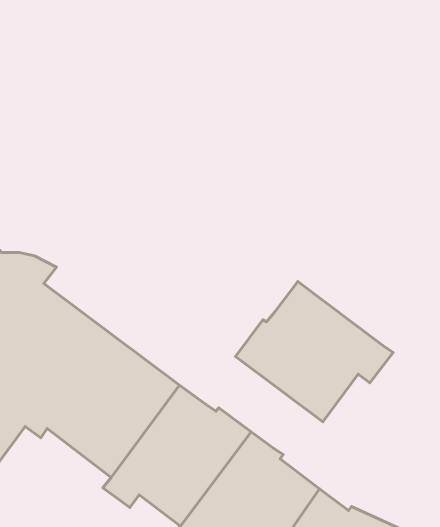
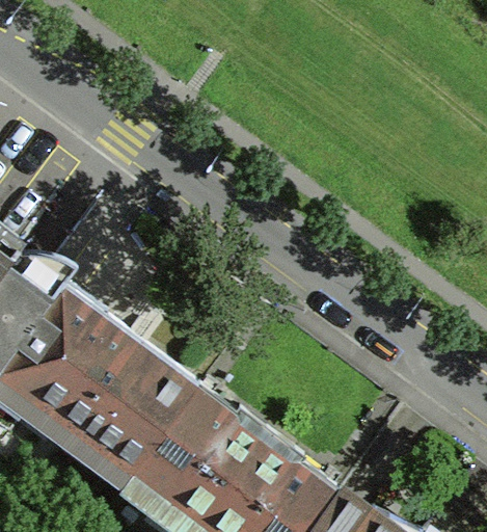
building: [235,281,393,422] -> none

